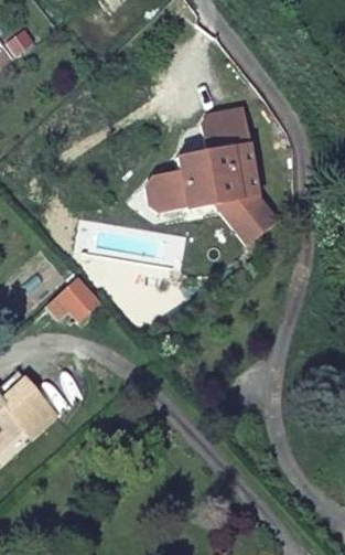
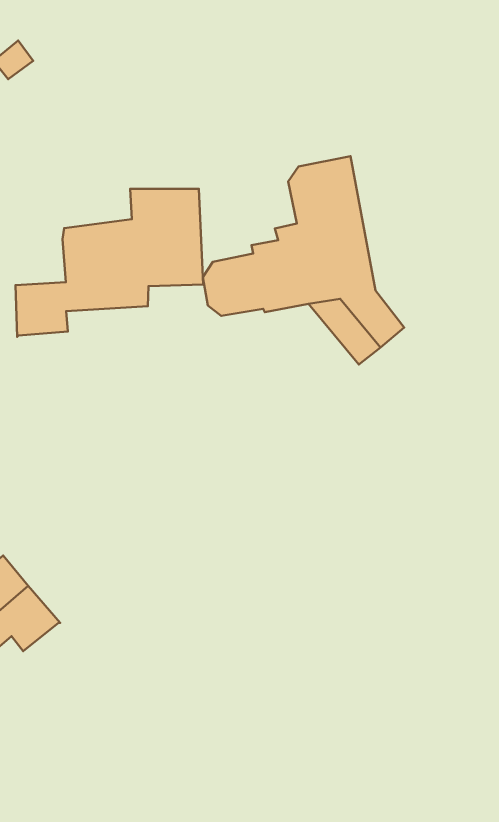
building: none -> [15,189,203,337]
building: [55,278,97,322] -> none

